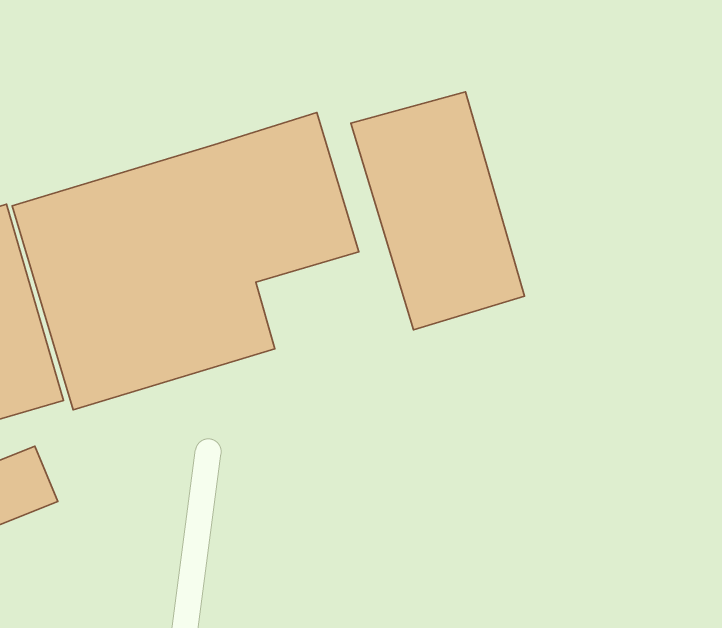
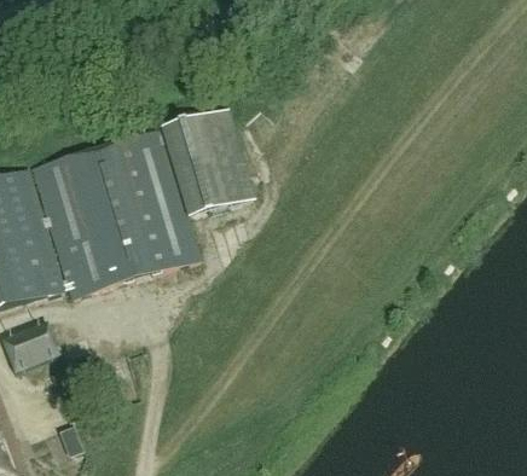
building: [351,92,525,330] -> none

